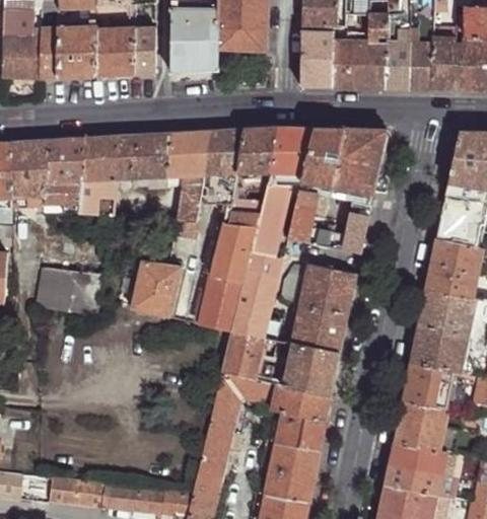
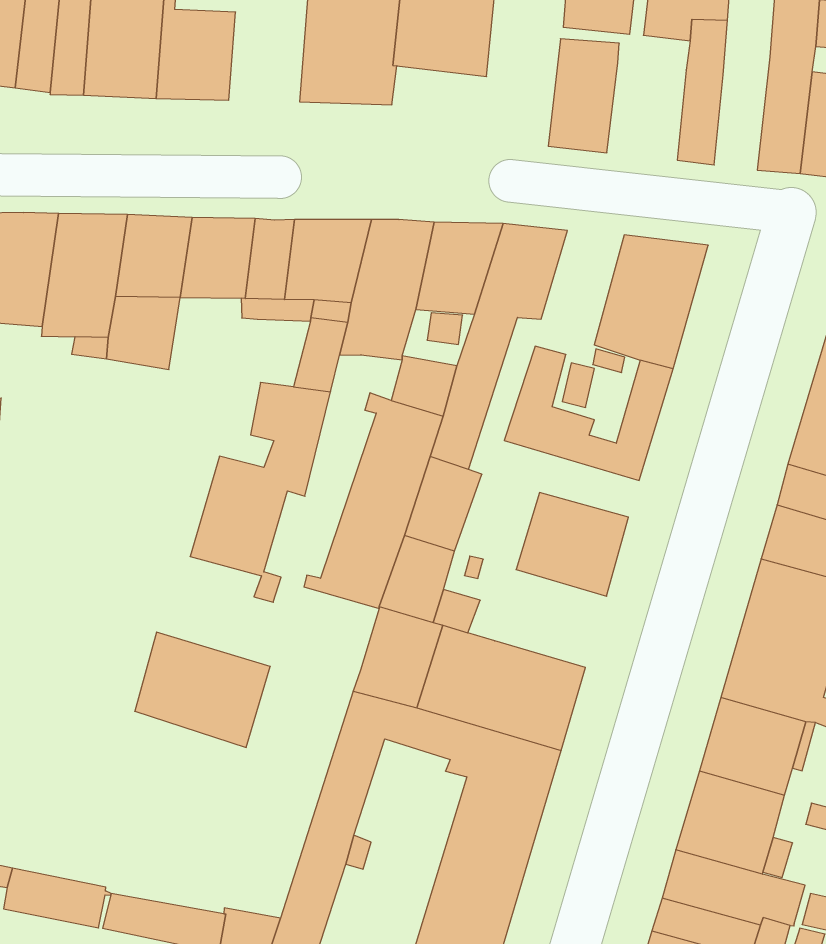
building: [134,27,156,75] -> none
building: [387,30,411,90] -> none
building: [331,41,368,88] -> none
building: [303,129,343,187] -> none
building: [38,261,106,316] -> [135,632,270,747]
building: [292,305,348,353] -> none

